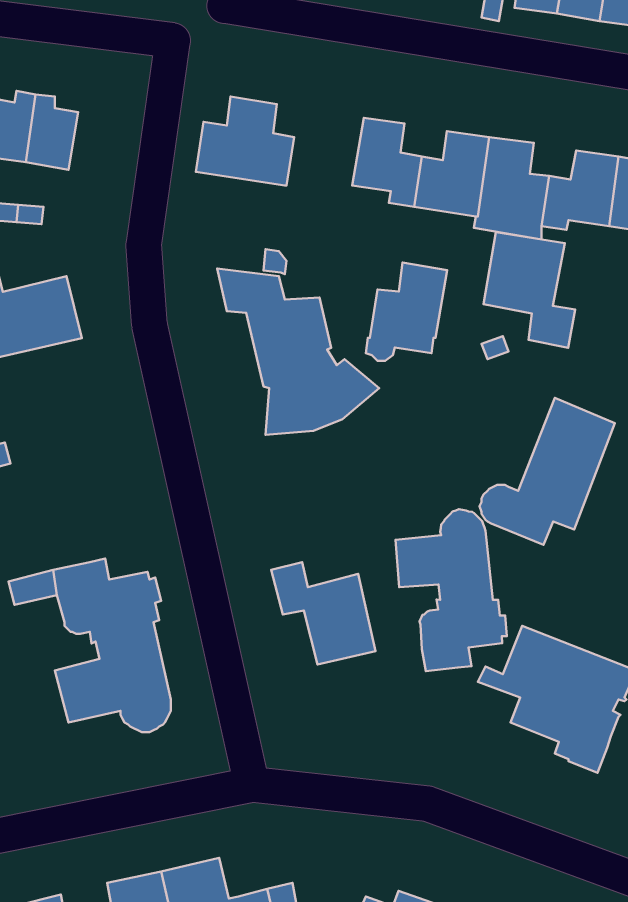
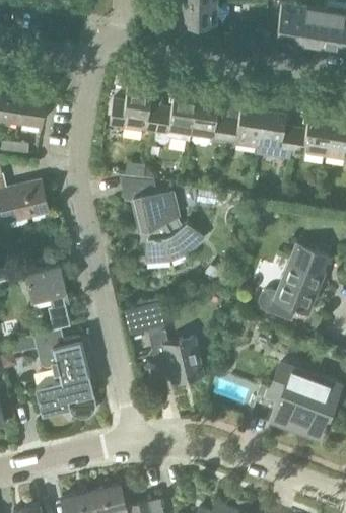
building: [484,232,575,348] -> none
building: [366,262,447,361] -> [154,93,197,145]
building: none -> [25,266,69,331]
building: none -> [124,302,164,335]
building: [396,509,507,671] -> none

